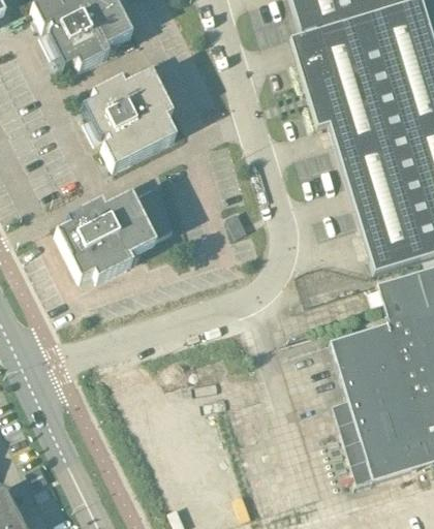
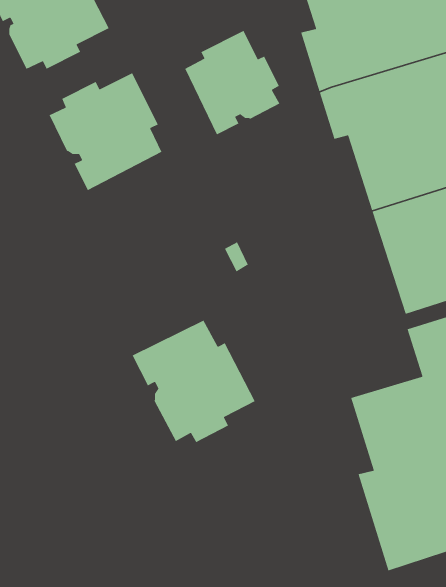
building: none -> [184,30,280,135]
building: [57,183,175,280] -> none
building: none -> [131,319,256,443]

